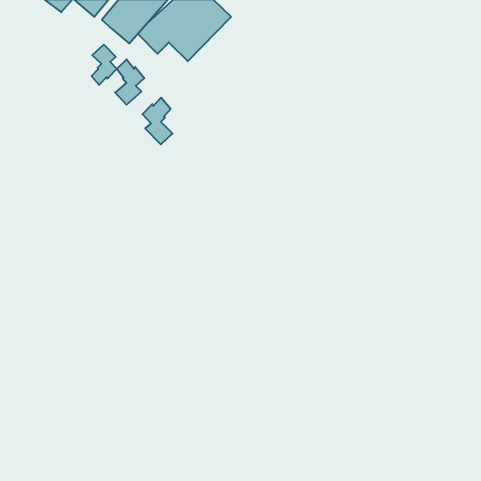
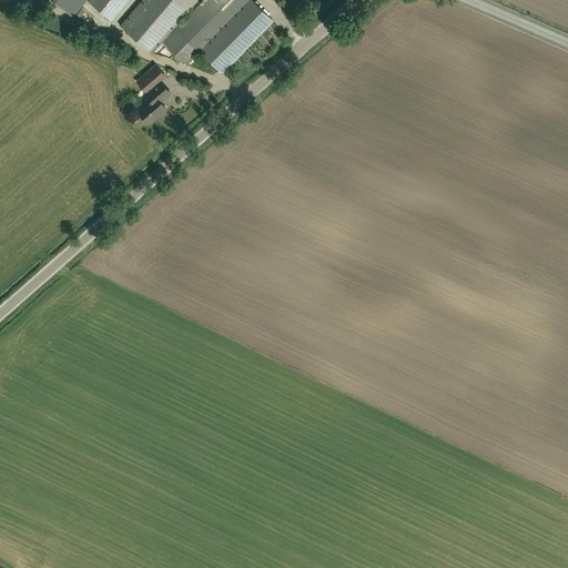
building: [92,45,117,85] -> none
building: [142,98,173,144] -> none

